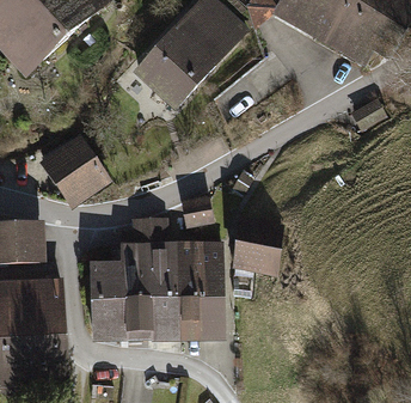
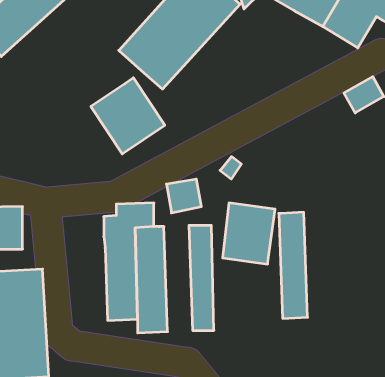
building: [42,133,112,206] -> [91,78,165,154]
building: [178,238,205,340] -> [279,212,308,318]
building: [91,259,124,330] -> none

